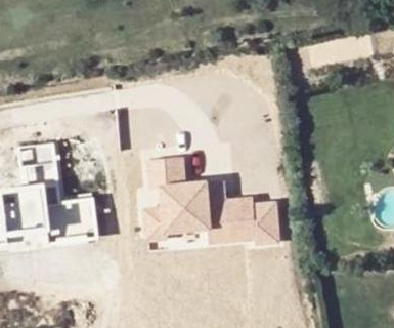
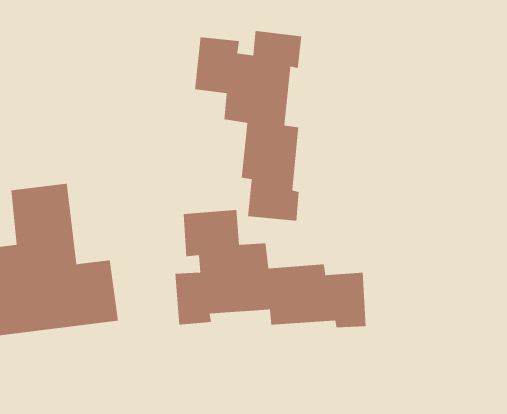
building: none -> [194,30,302,222]

